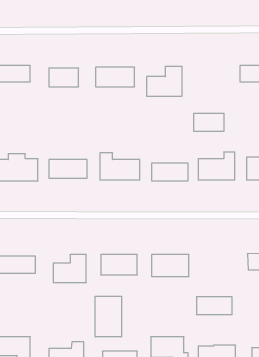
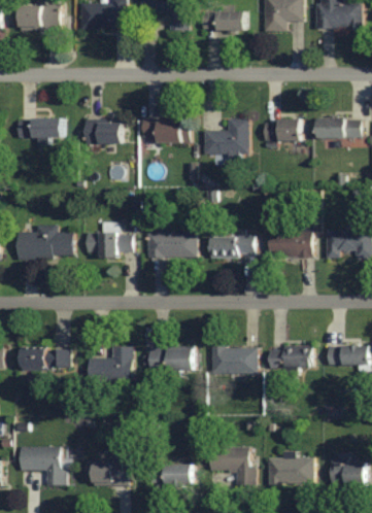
building: [194,113,224,131] -> [264,118,301,140]
building: [95,296,121,337] -> none
building: [196,297,232,315] -> [268,347,311,369]

